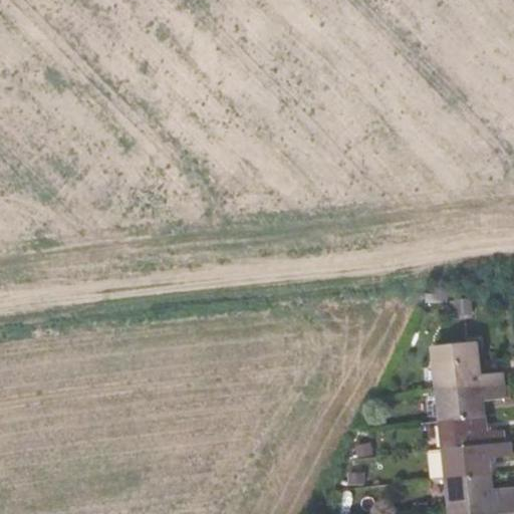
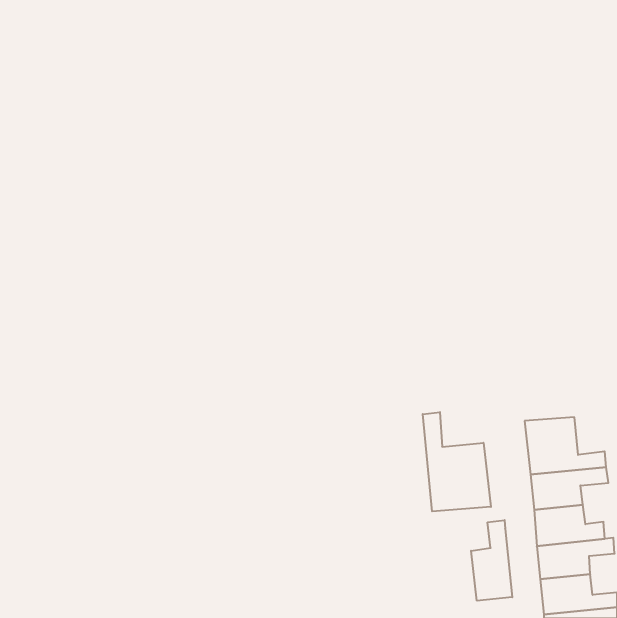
building: none -> [423,412,491,511]
building: none -> [471,520,512,601]

